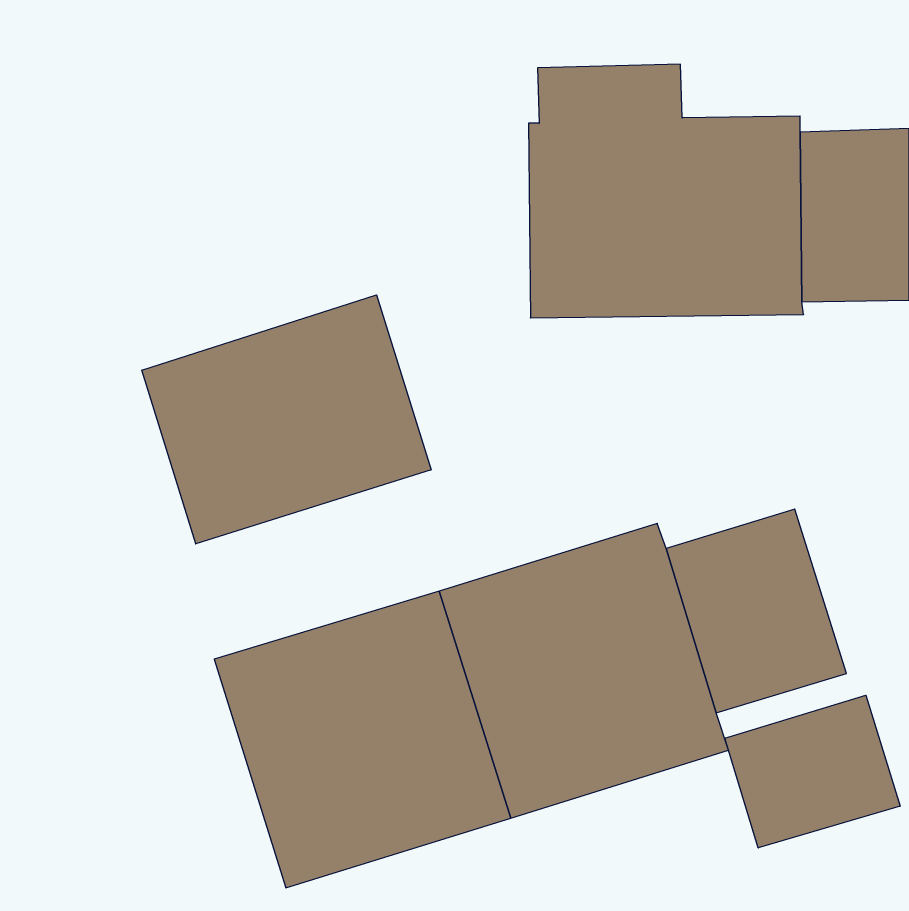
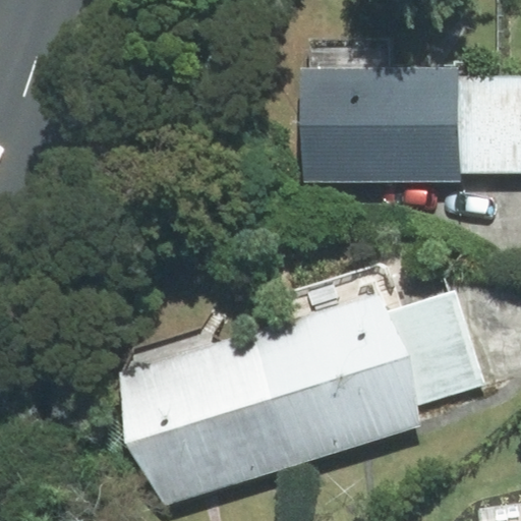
building: [142,295,431,544] -> none
building: [725,695,900,848] -> none

